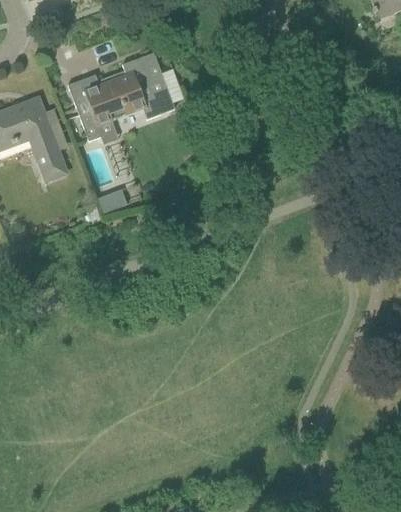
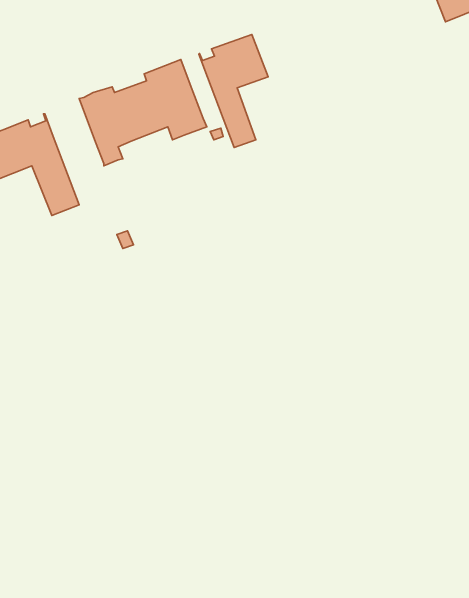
building: none -> [199,35,268,147]

